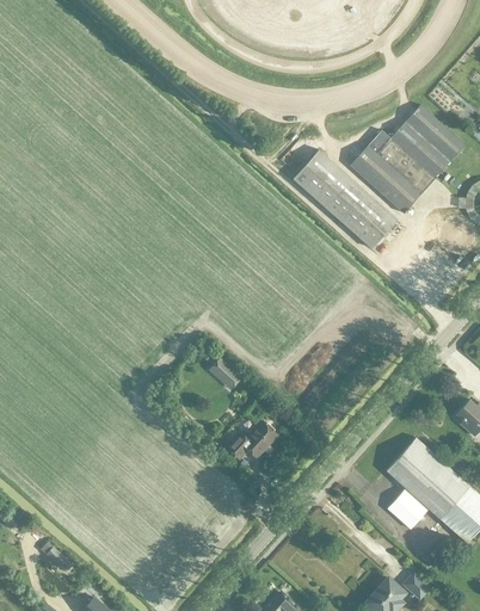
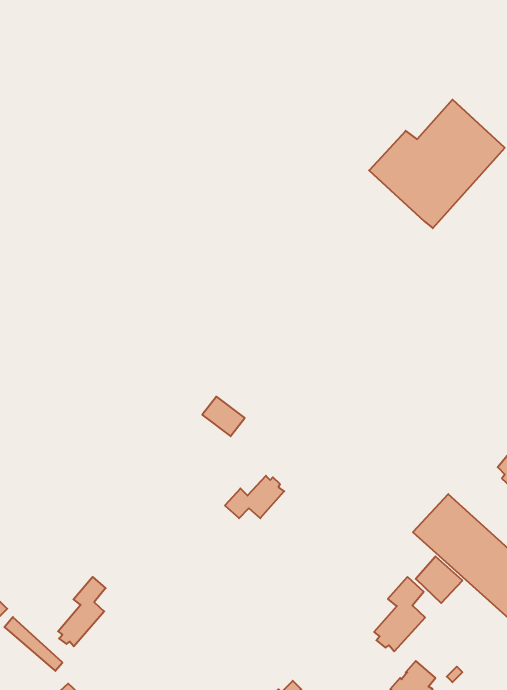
building: [291,150,395,249] -> none
building: none -> [58,577,106,646]
building: none -> [374,577,425,651]

